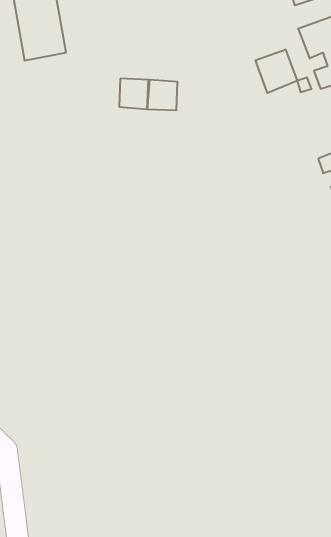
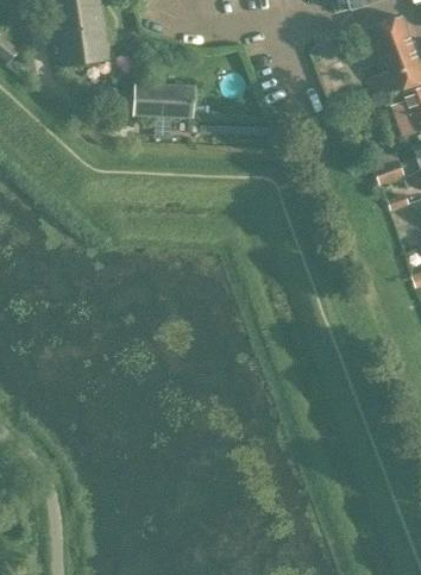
building: [256,49,297,93] -> none
building: [147,80,178,110] -> [133,83,165,115]

